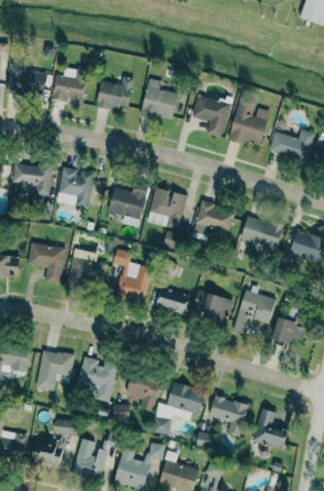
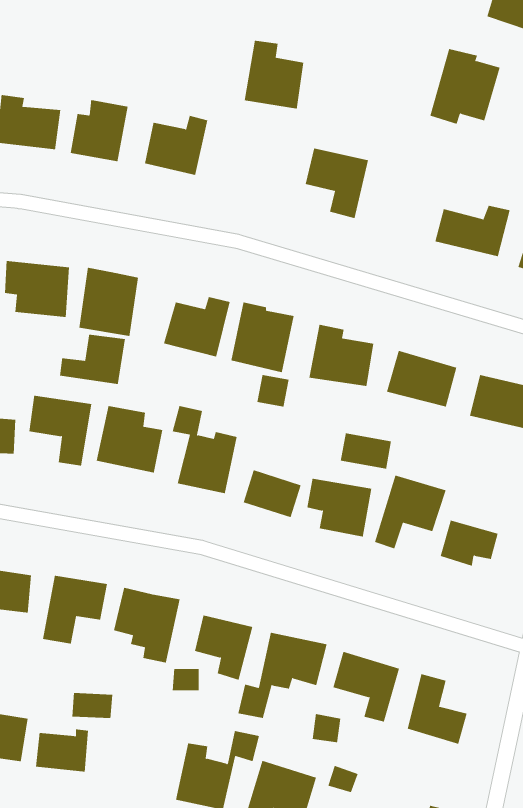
building: [142,79,178,120] -> [244,40,304,109]
building: [228,100,271,145] -> [429,48,500,125]
building: none -> [60,334,125,385]
building: none -> [340,433,392,469]
building: [73,439,108,479] -> none

